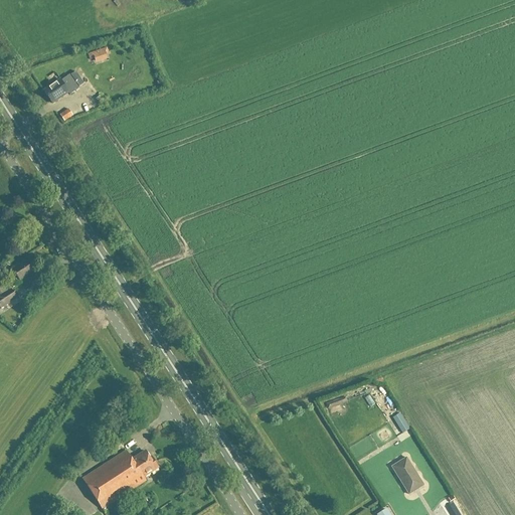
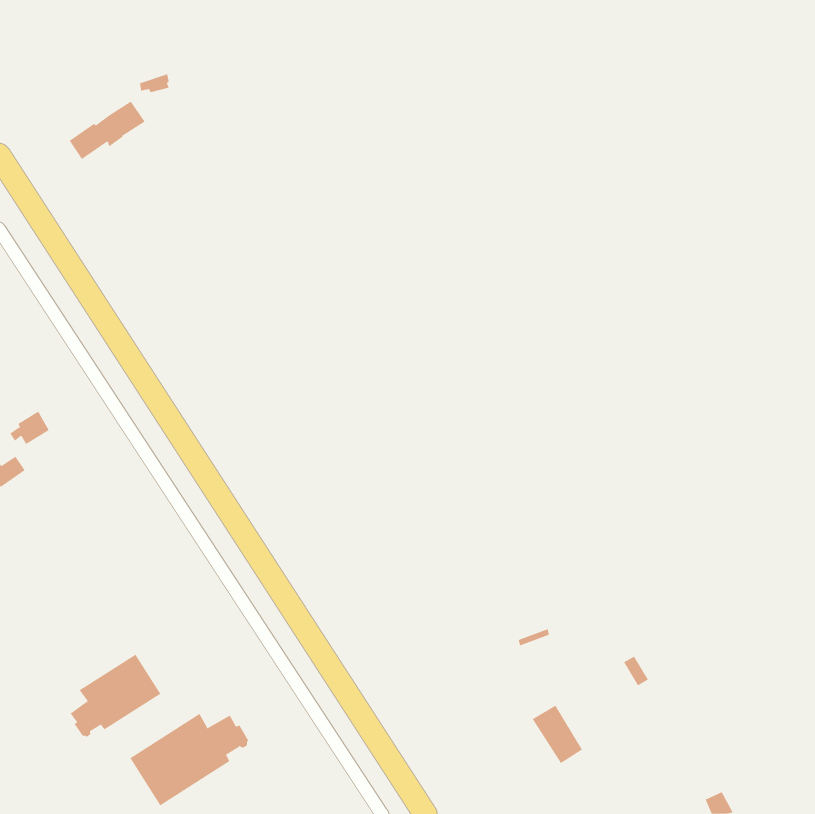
building: none -> [70,654,161,737]
building: [390,456,422,493] -> [532,705,583,764]

